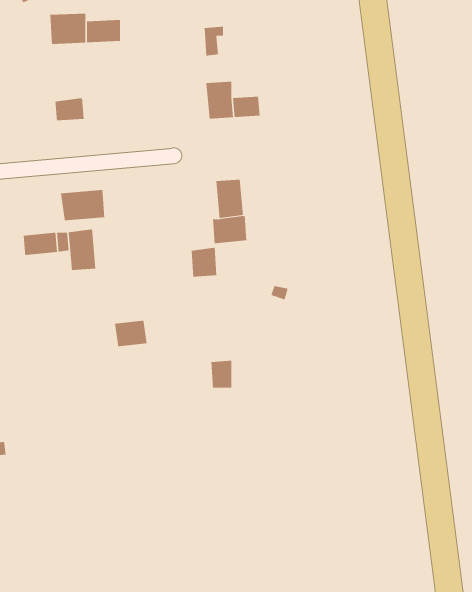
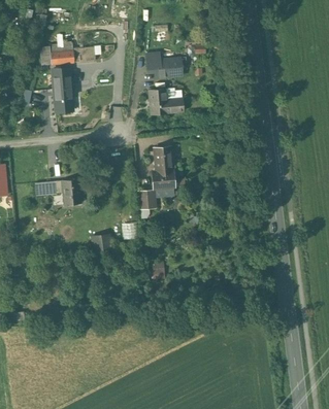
building: none -> [155,59,180,77]
building: none -> [53,74,70,100]
building: [60,189,105,221] -> none

